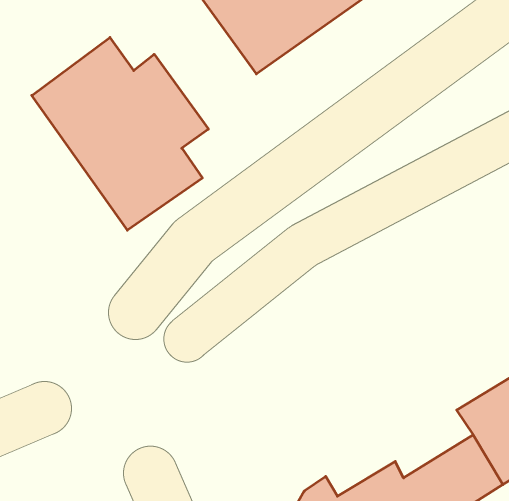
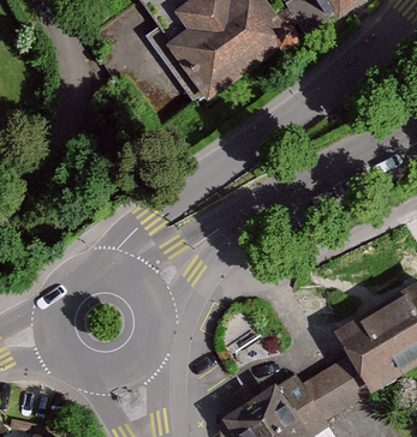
building: [32,37,208,230] -> none

